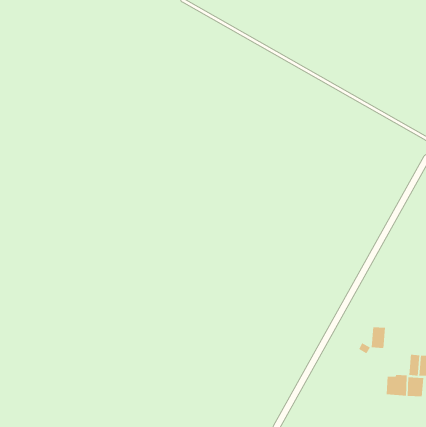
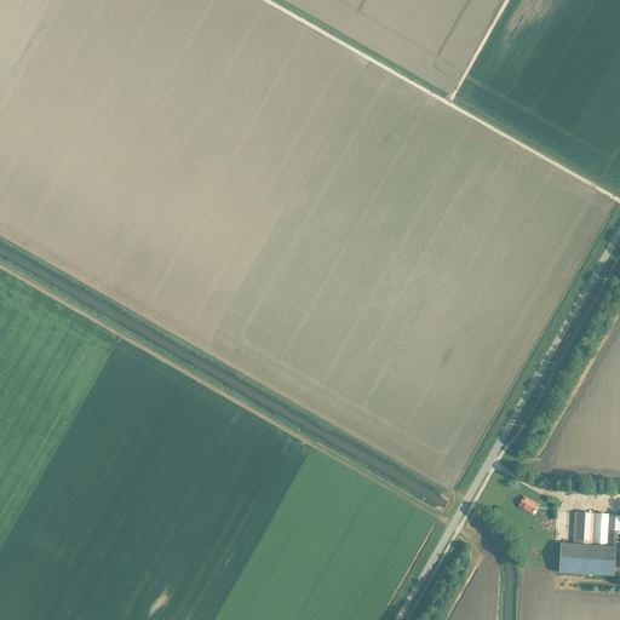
building: [371,327,386,348] -> [574,512,596,544]

